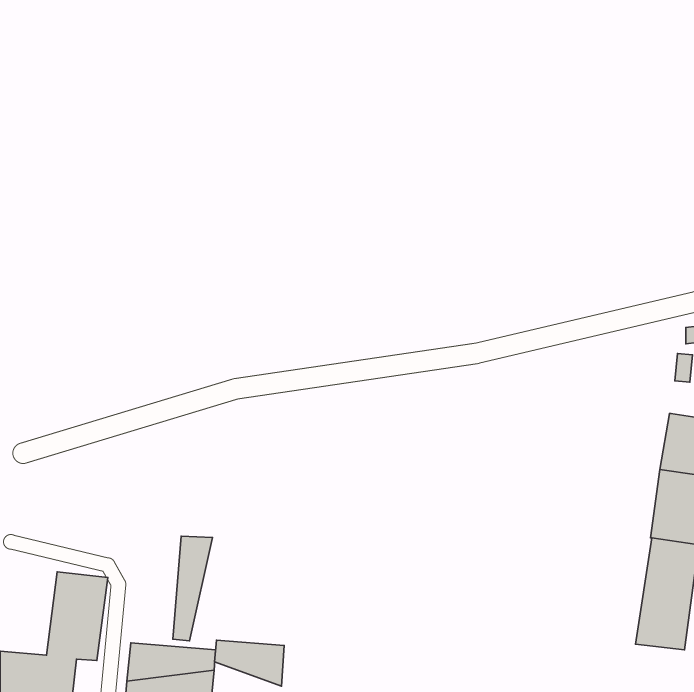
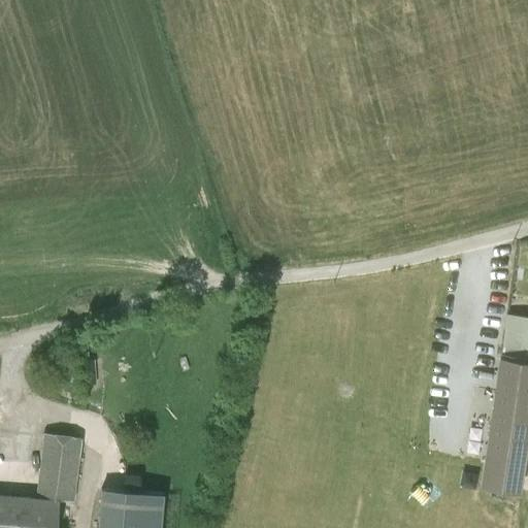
building: [173,536,212,641] -> none
building: [215,640,284,686] -> none

